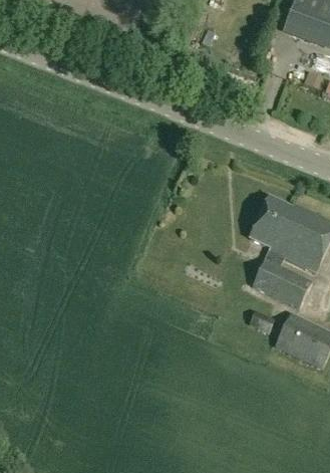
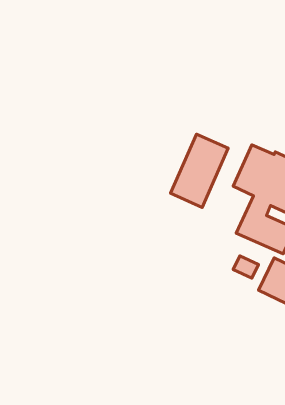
building: none -> [170,134,228,207]

